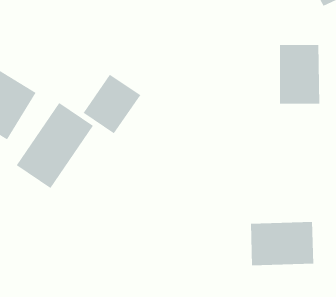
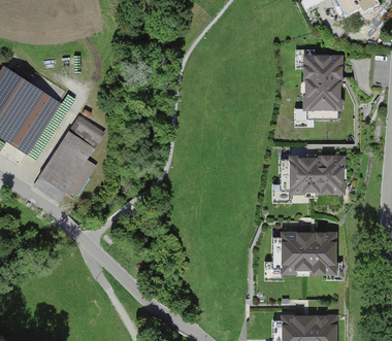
building: [83,74,141,134] -> none
building: none -> [285,156,345,197]

